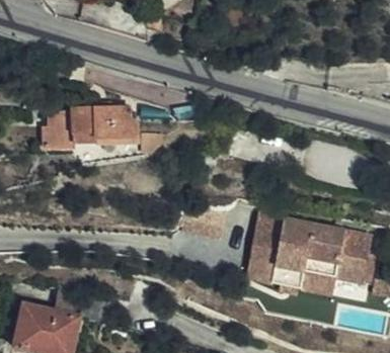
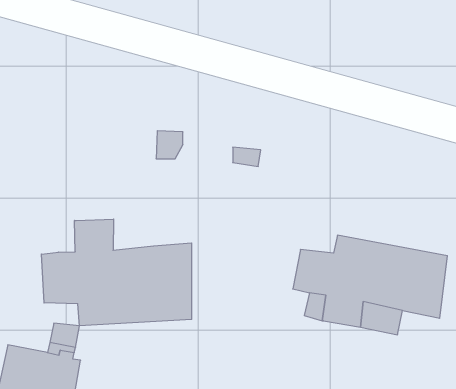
building: [42,104,133,149] -> none
building: none -> [41,219,192,326]

